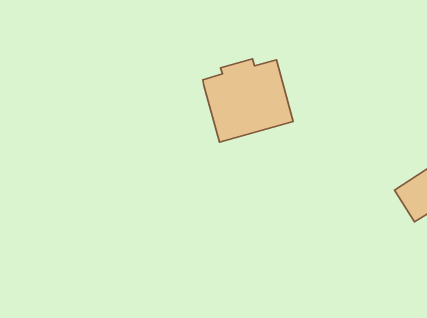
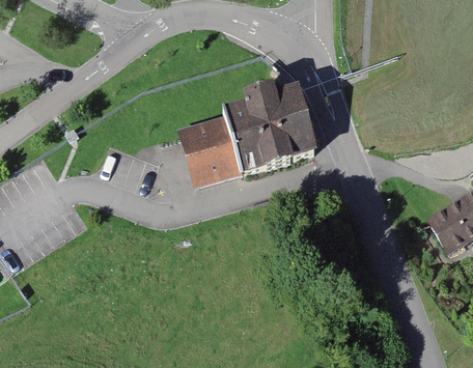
building: none -> [180,118,241,190]

